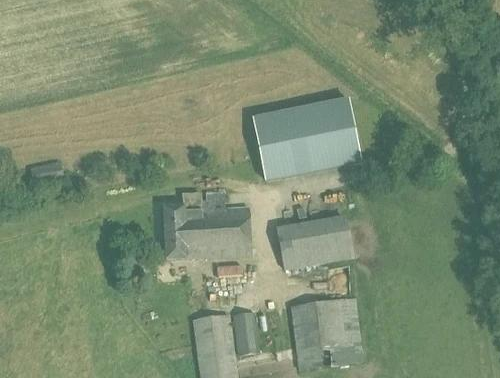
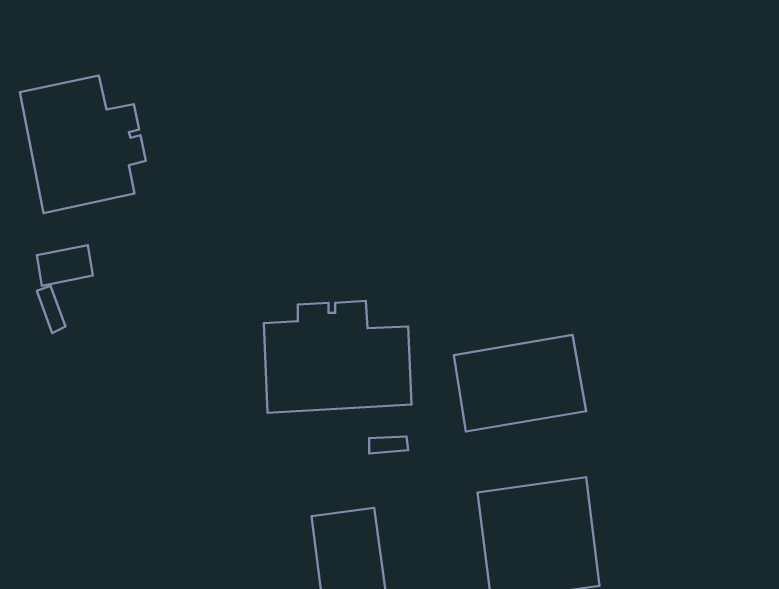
building: none -> [20,75,146,213]
building: [253,99,359,180] -> none
building: [233,312,259,355] -> none

